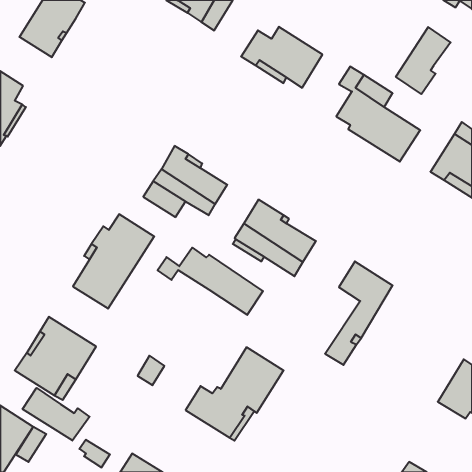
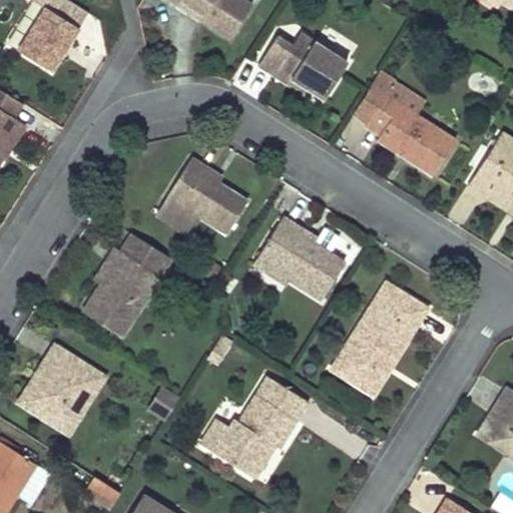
building: [396,27,451,94] -> none
building: [158,248,263,315] -> none
building: none -> [332,312,391,384]
building: [23,388,90,441] -> none

